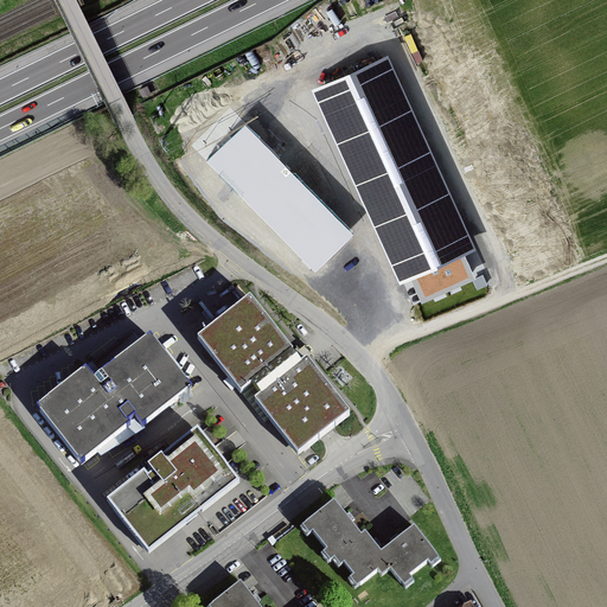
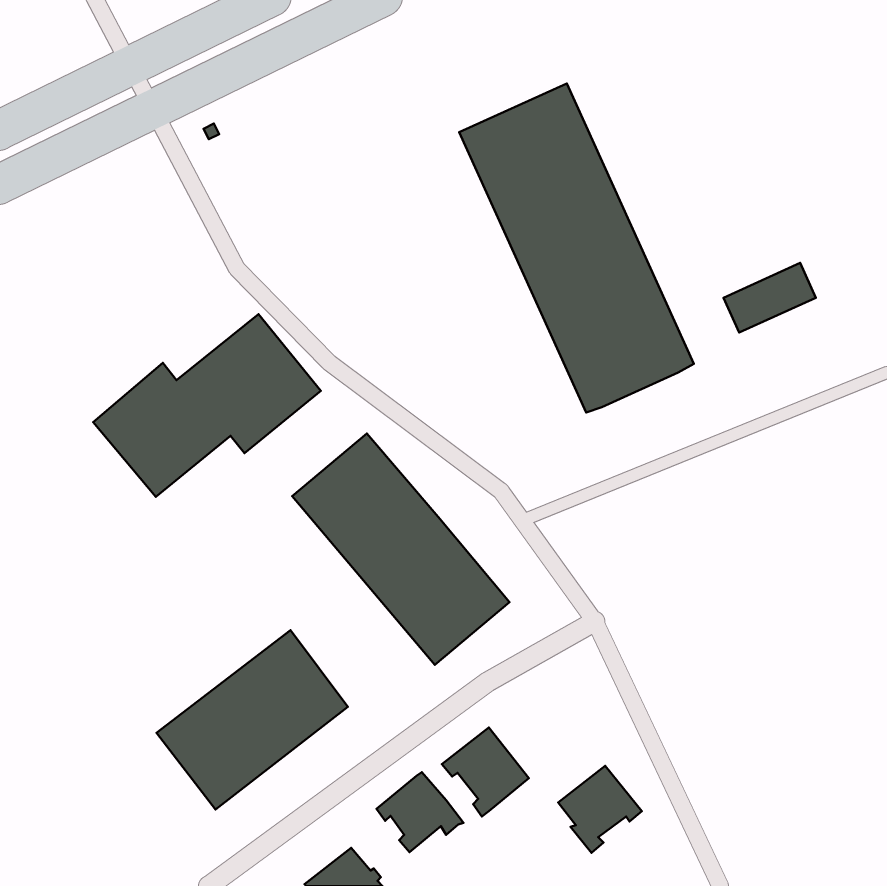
building: [206,123,351,269] -> none
building: [410,254,473,301] -> [724,263,816,333]
building: [37,333,192,458] -> [93,314,321,497]
building: [333,528,392,582] -> [376,772,463,852]

